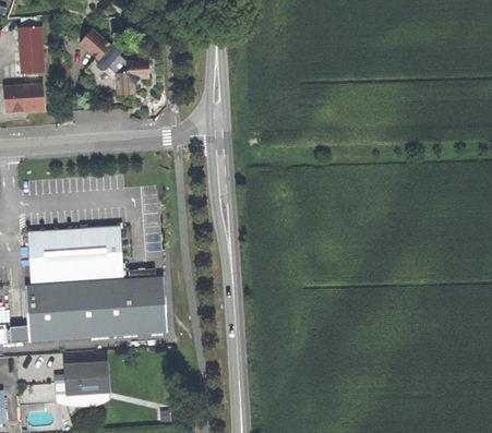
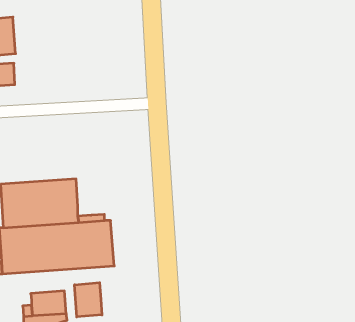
building: [82,28,151,96] -> none
building: none -> [75,283,102,317]

